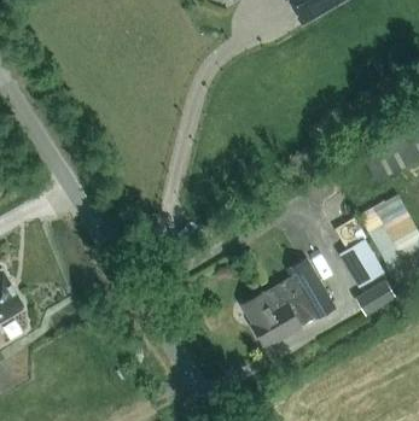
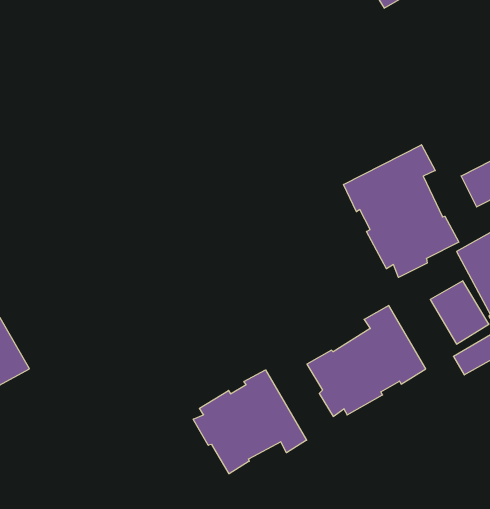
building: none -> [344,145,459,277]
building: none -> [193,370,307,474]

